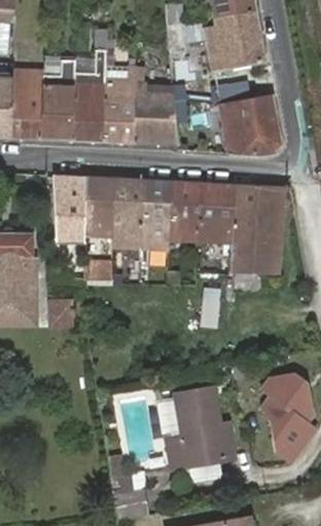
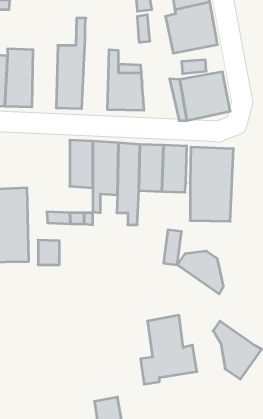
building: [40,61,71,138] -> none
building: [100,68,133,140] -> none
building: [55,175,85,243] -> none
building: [257,372,313,423] -> [177,251,223,294]

